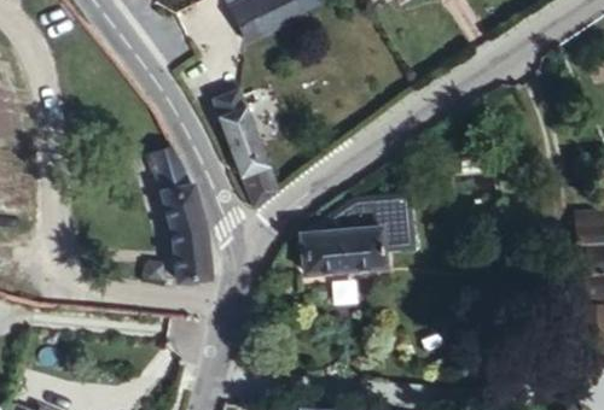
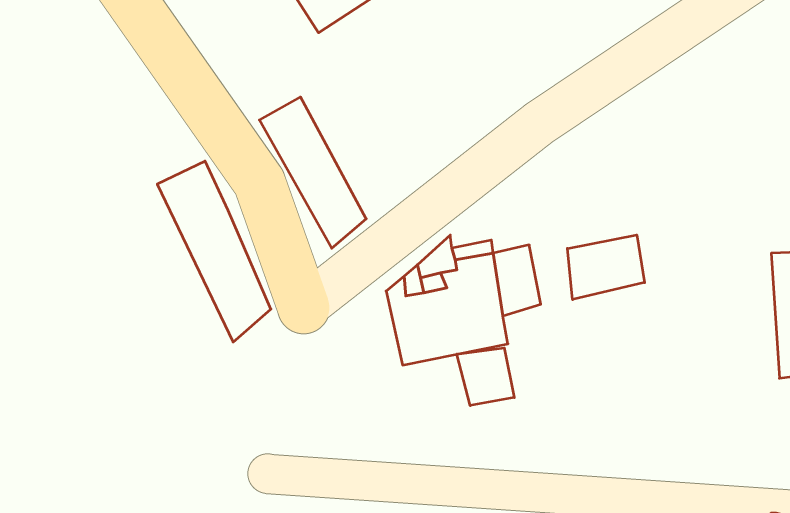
building: none -> [567,235,645,300]
building: none -> [457,348,514,406]

